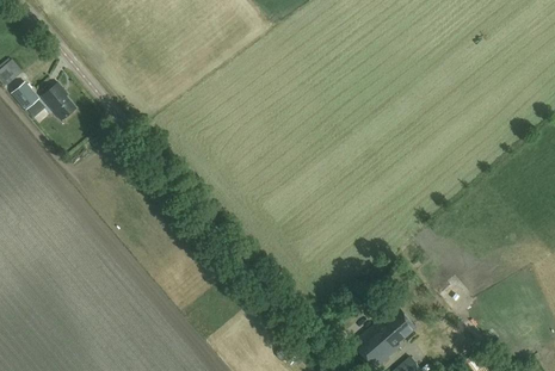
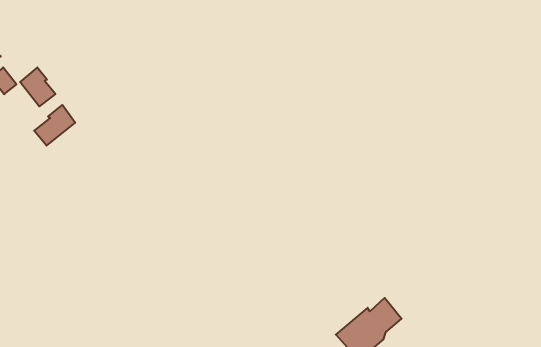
building: none -> [34,105,75,146]

